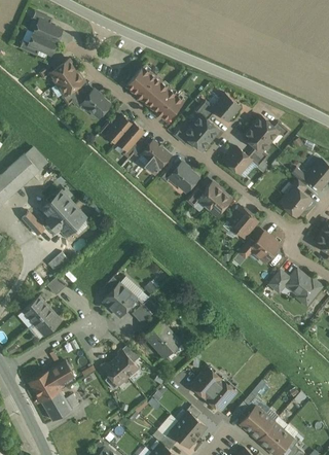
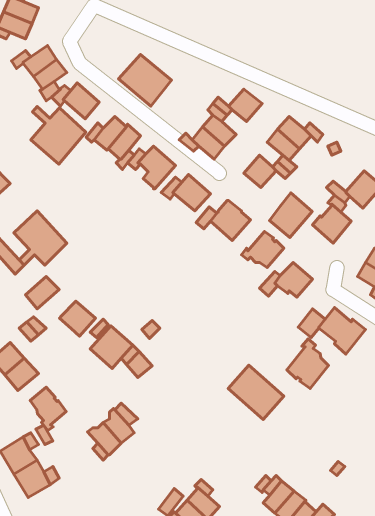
building: [150,88,183,121] -> none
building: none -> [31,107,86,164]
building: none -> [270,193,312,237]
building: none -> [60,301,96,336]
building: none -> [287,339,329,388]
building: [143,320,179,356] -> none
building: none -> [30,387,66,431]
building: [190,367,234,411] -> [228,365,284,420]

